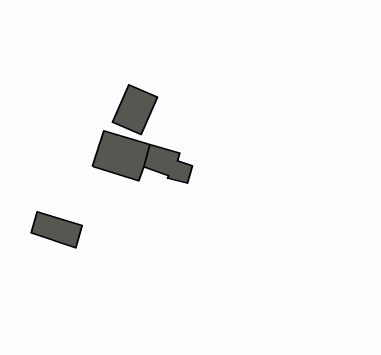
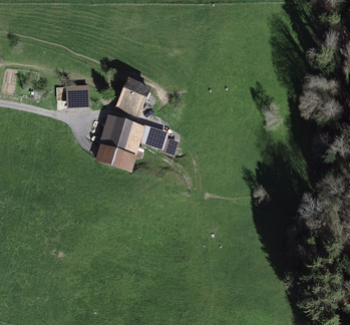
building: none -> [66,85,90,108]
building: [31,212,82,248] -> [95,143,136,173]

